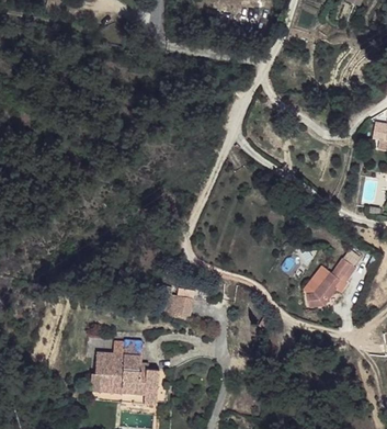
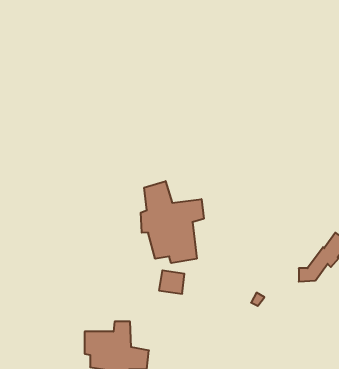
building: none -> [141,181,204,263]

